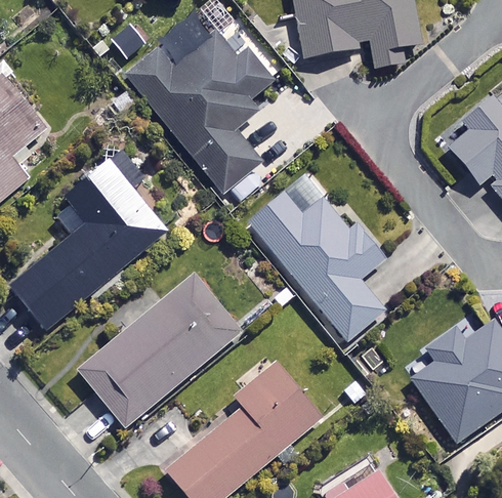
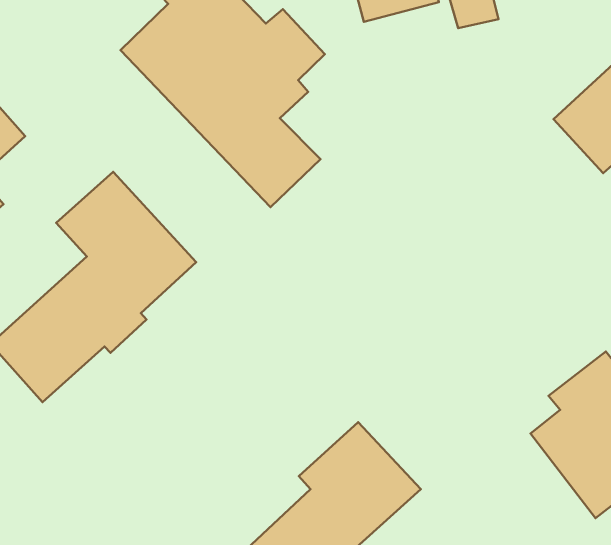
building: [246,190,385,341] -> none
building: [78,276,241,427] -> none

